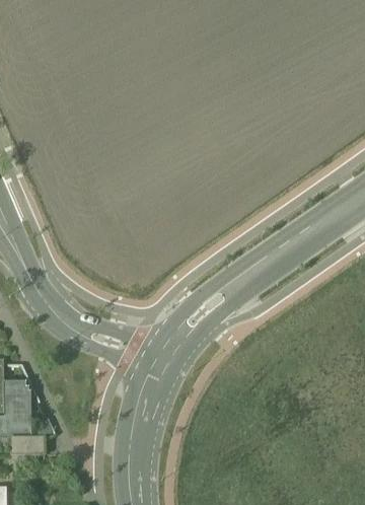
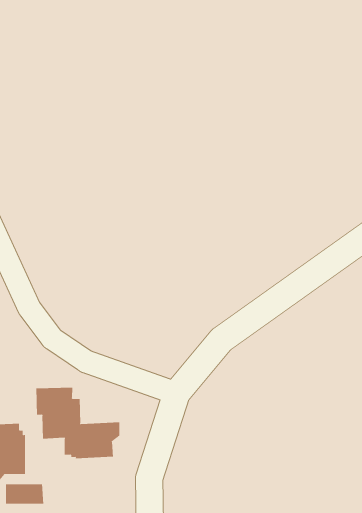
building: none -> [36,387,120,459]

